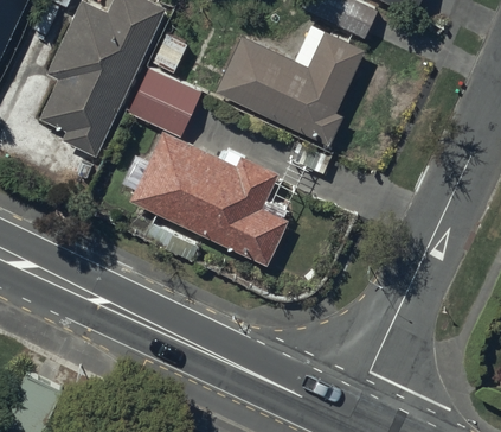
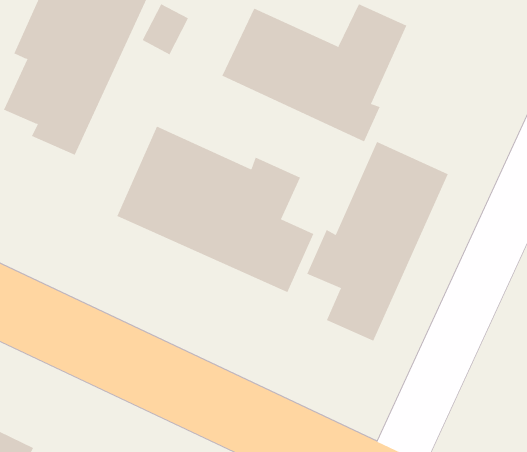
building: [129,69,200,135] -> none
building: none -> [307,141,449,342]

